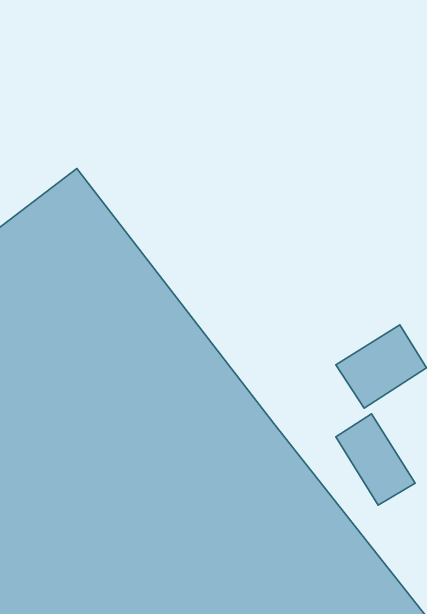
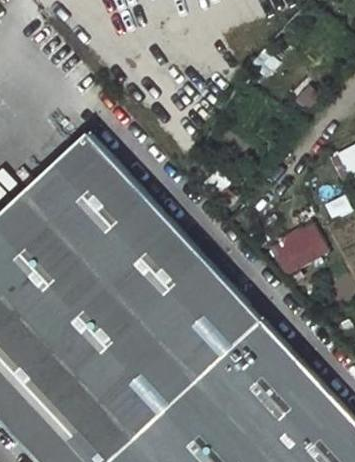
building: [336,414,415,505] -> none

